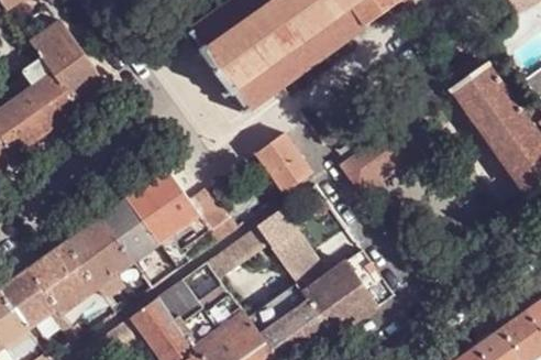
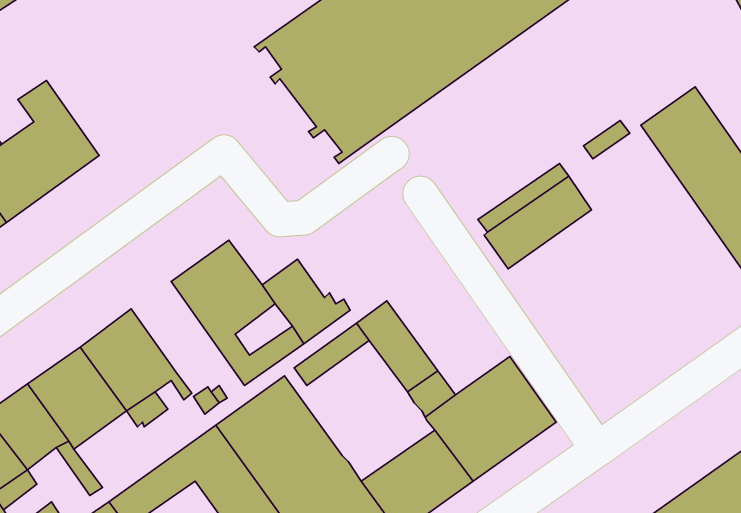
building: [31,23,109,110] -> none
building: [256,133,311,192] -> none
building: [100,197,159,261] -> none
building: [245,281,309,335] -> none

